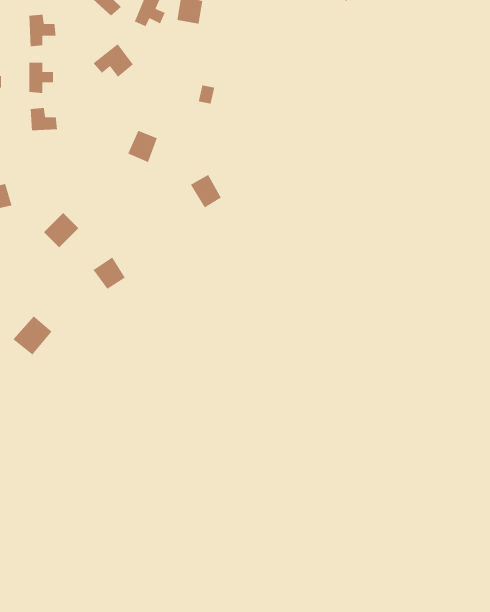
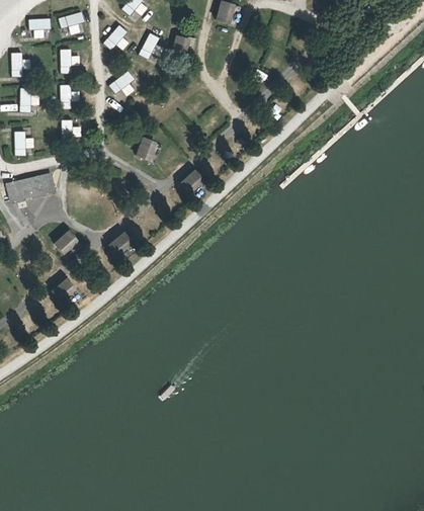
building: [43,212,79,248] -> [53,228,80,255]

